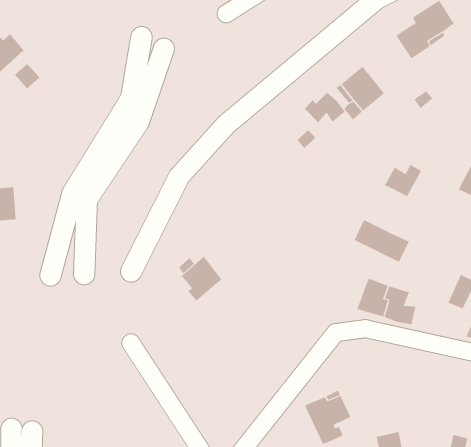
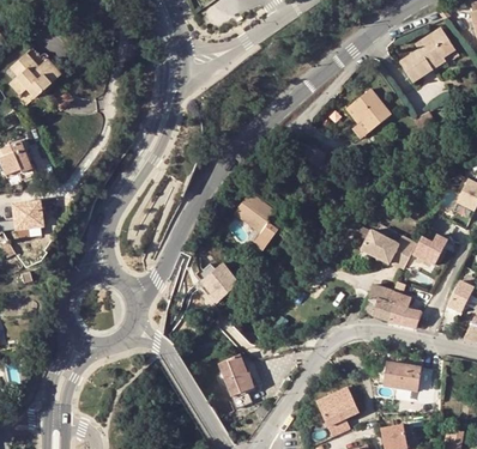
building: [304,92,346,123] -> none
building: [384,164,422,197] -> [411,235,446,265]
building: none -> [234,193,282,250]
building: none -> [218,354,255,408]
building: none -> [382,363,433,393]

